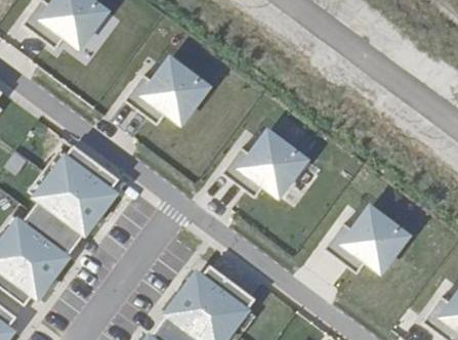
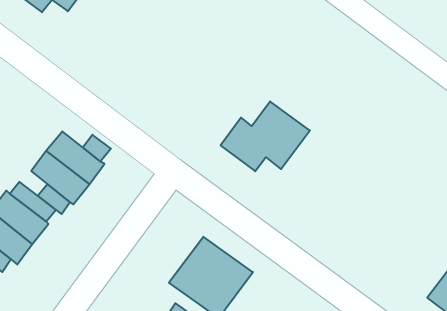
building: [124,57,209,124] -> none
building: [324,206,409,272] -> none

